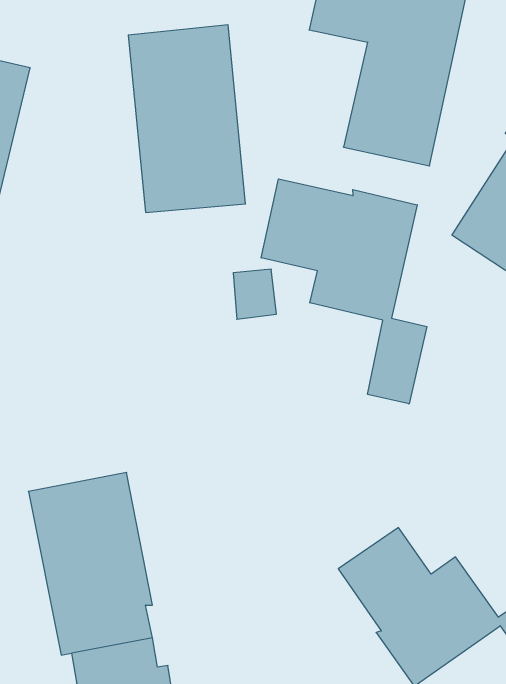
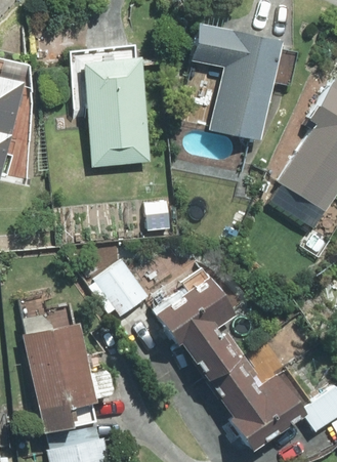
building: [261,179,427,404] -> none
building: none -> [94,260,148,317]
building: none -> [154,275,242,379]

